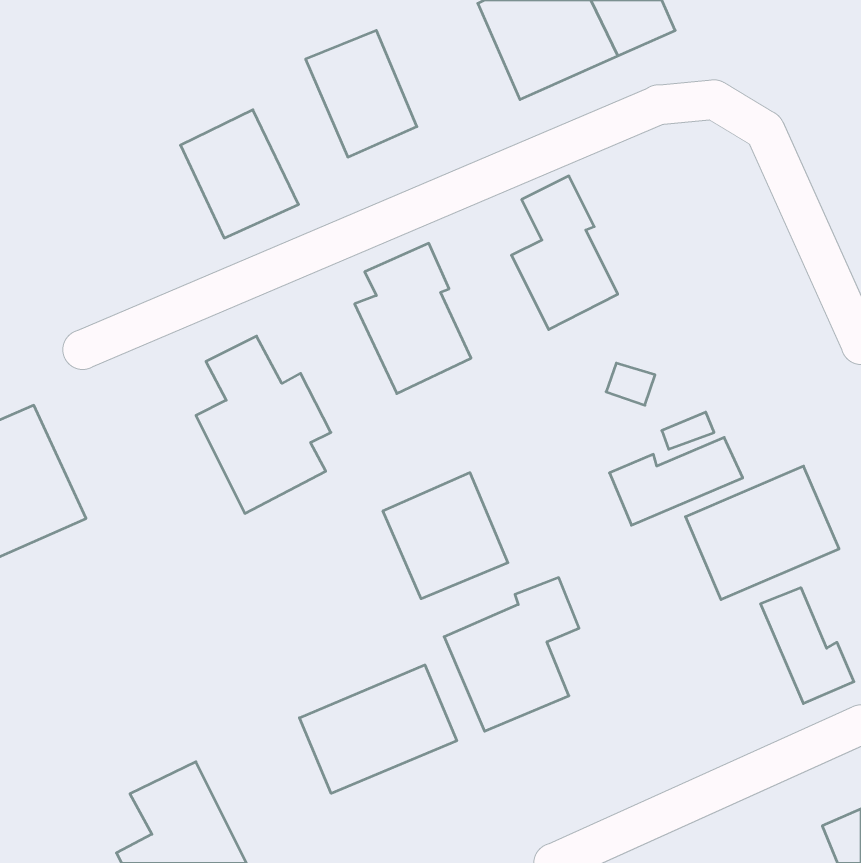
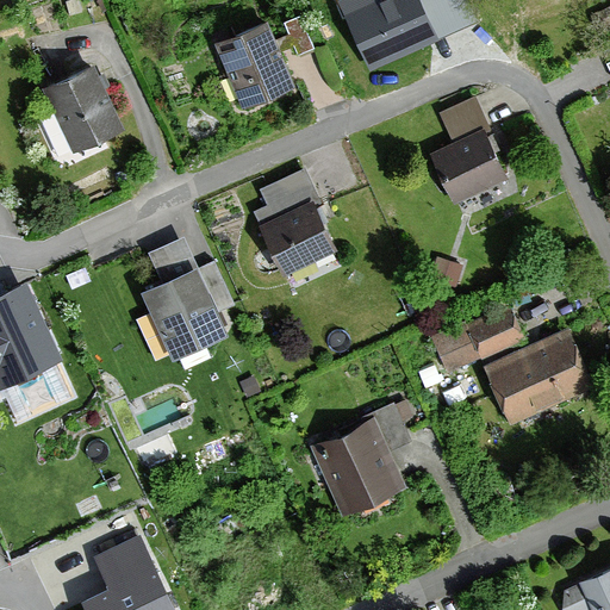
building: [180,110,299,238] -> [42,64,125,155]
building: [511,176,618,330] -> [431,97,506,205]
building: [383,473,508,599] -> none
building: [761,588,854,704] -> none
building: [299,665,457,793] -> none

